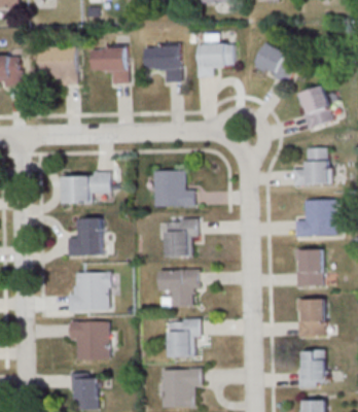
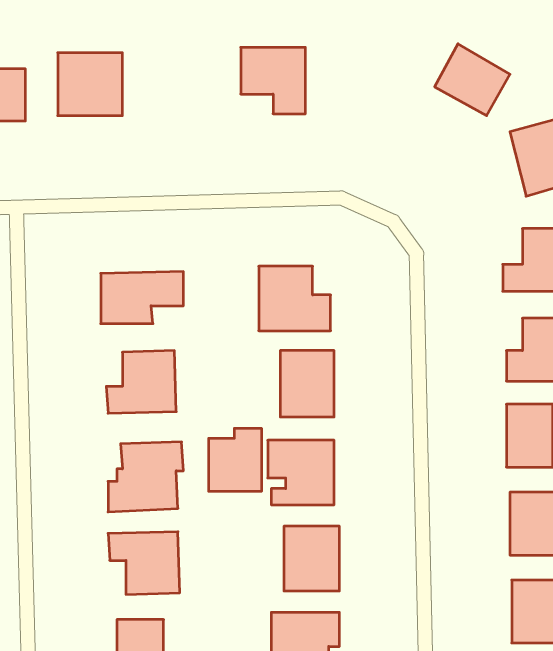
building: [199,34,234,76] -> none
building: [91,47,128,83] -> none
building: none -> [209,428,261,491]

